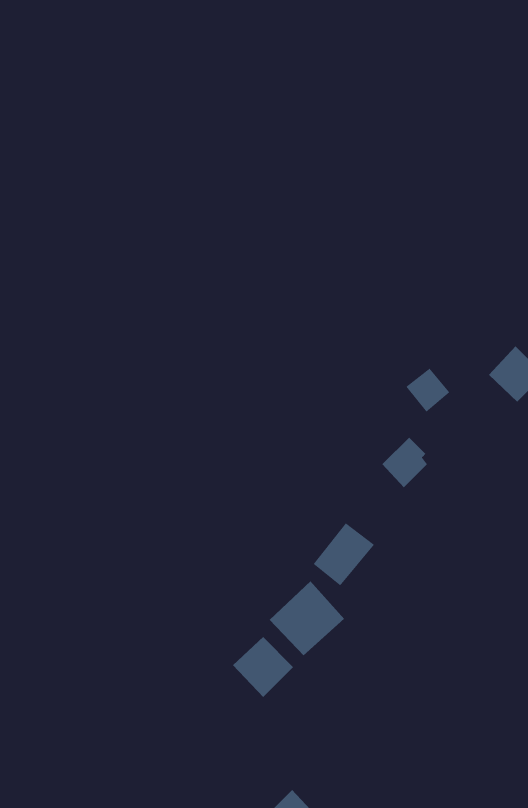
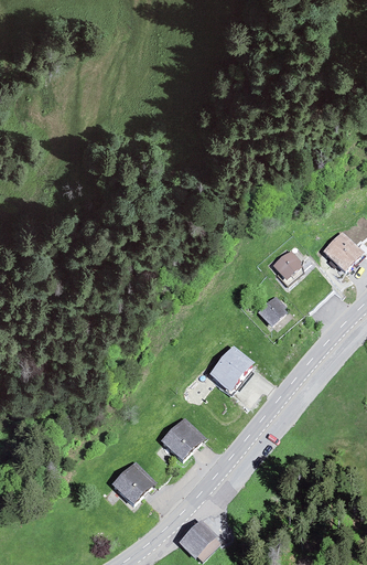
building: [269,580,345,656] -> none
building: none -> [114,467,152,505]

